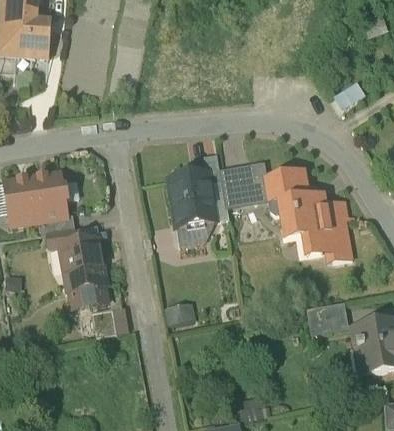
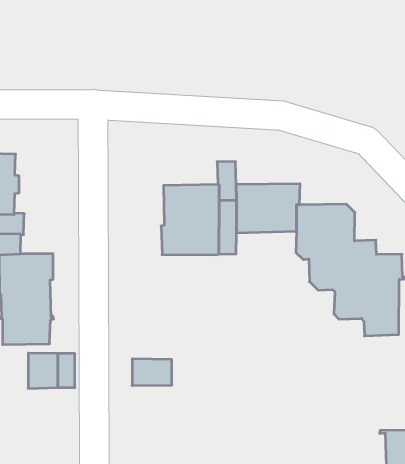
building: [175,222,213,247] -> none
building: [310,302,349,335] -> none

